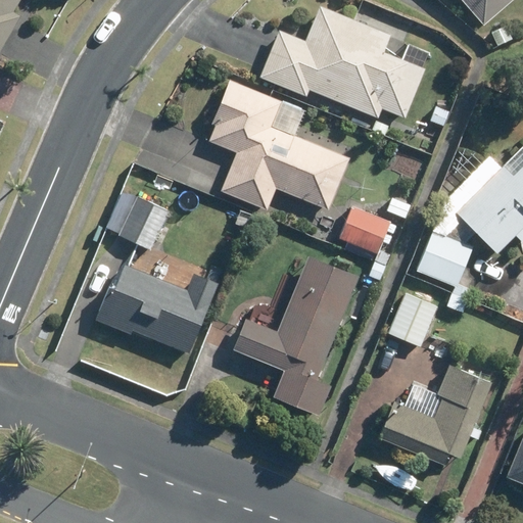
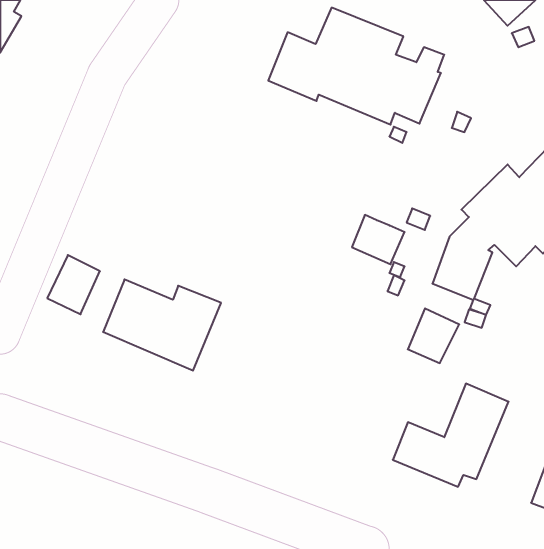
building: [209,83,346,210] -> none
building: [122,195,172,251] -> [47,255,100,314]
building: [233,254,358,413] -> none

